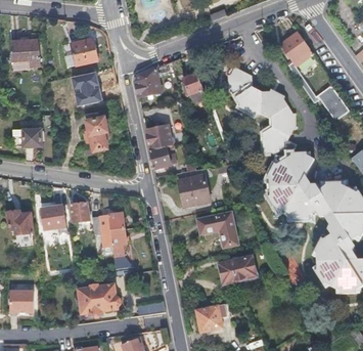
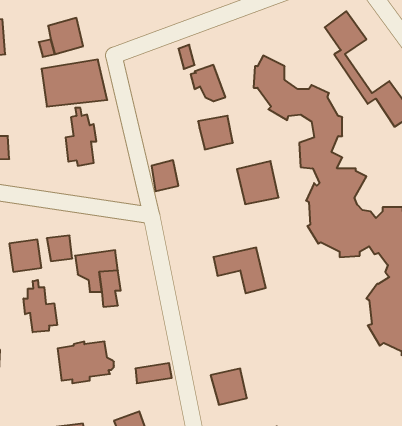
building: [135,67,161,97] -> none
building: [145,124,172,149] -> [198,116,233,149]
building: [178,174,210,207] -> [237,161,279,204]
building: none -> [24,280,57,332]
building: [219,255,258,283] -> none

